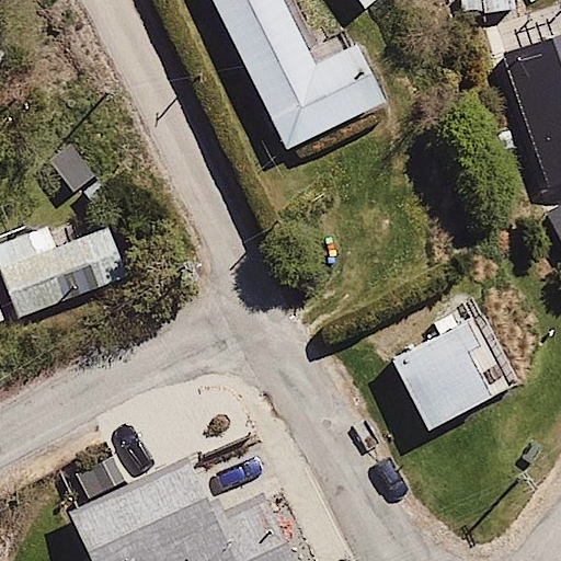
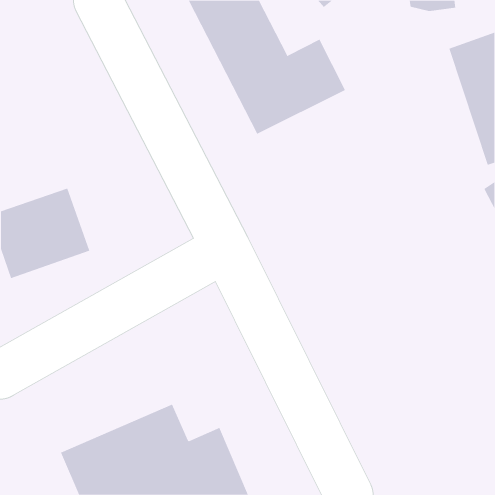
building: [392,317,511,431] -> none

